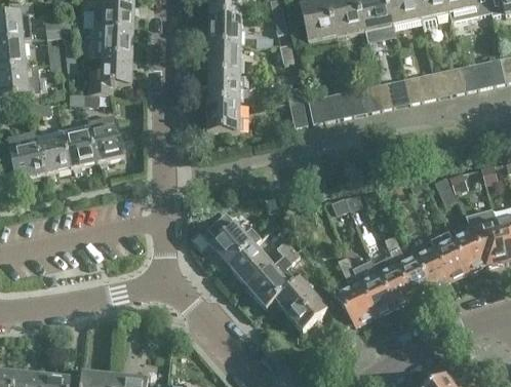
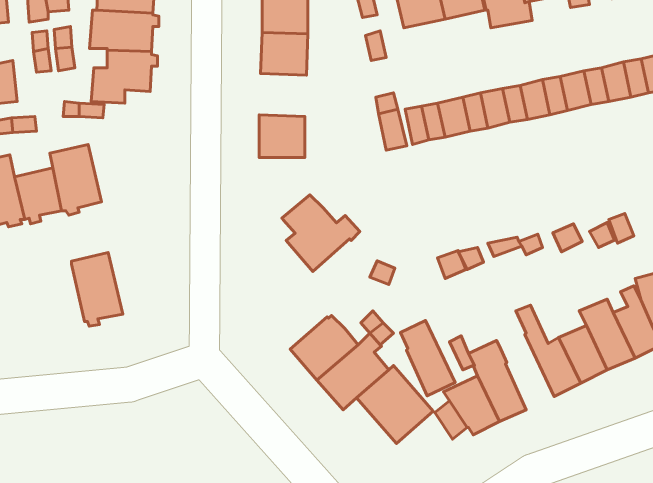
building: [207,73,240,103] -> none
building: [88,114,124,165] -> [71,252,123,326]
building: [207,211,262,265] -> [282,195,360,271]
building: [375,255,412,307] -> [401,321,455,396]

